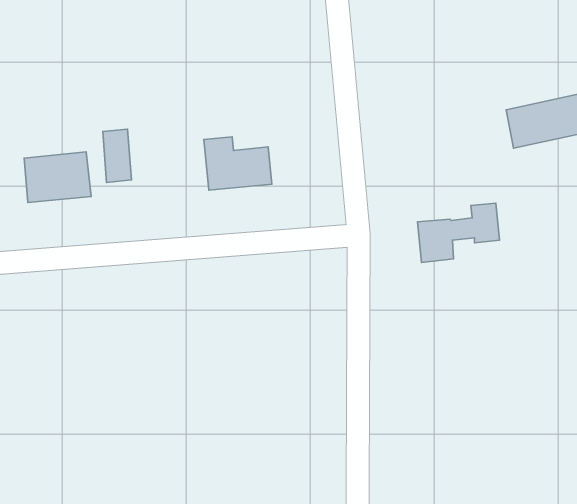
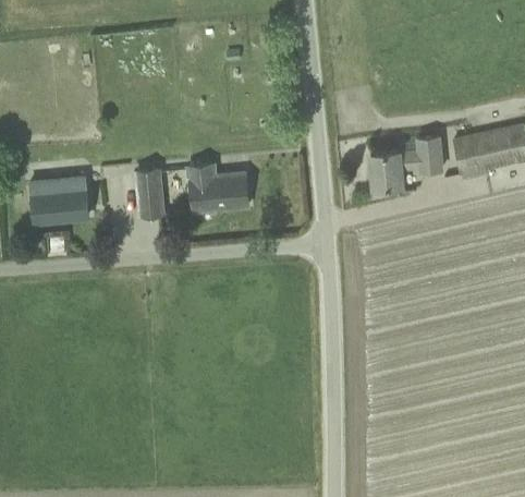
building: [103,129,131,182] -> [137,170,162,217]
building: [418,203,499,263] -> [370,137,442,190]

